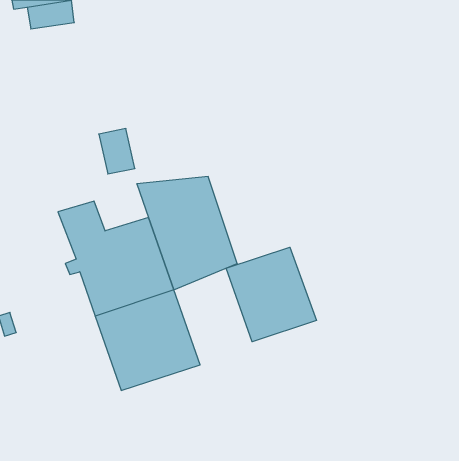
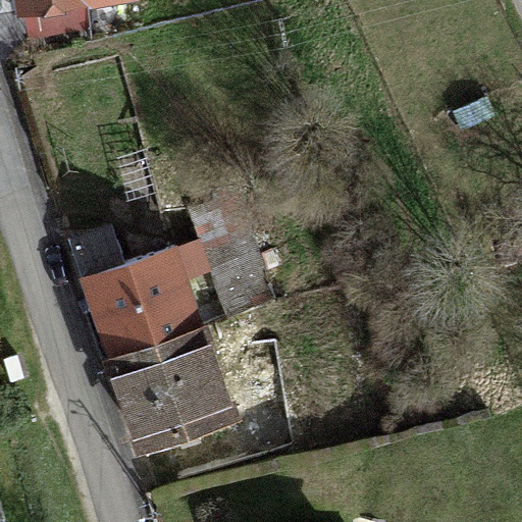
building: [226,247,316,342] -> none

